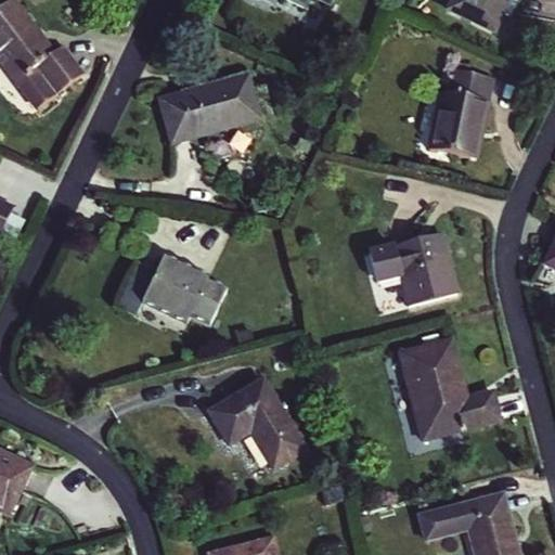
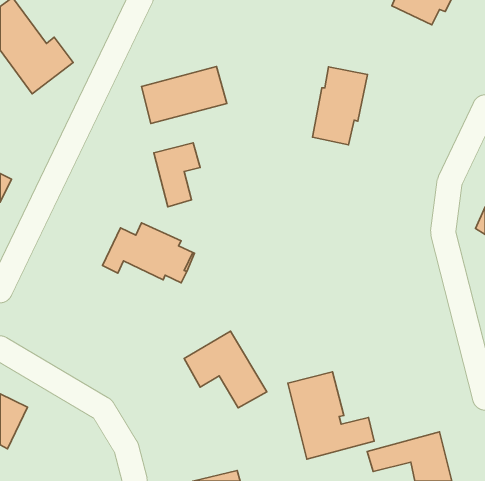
building: [430,67,493,156] -> [312,67,367,145]
building: none -> [154,143,200,207]
building: [369,233,456,305] -> none
building: [400,339,499,439] -> [288,372,374,459]

